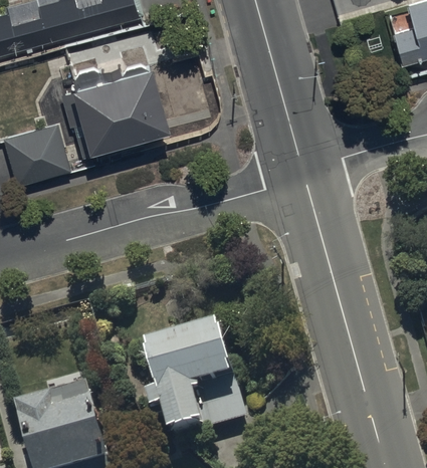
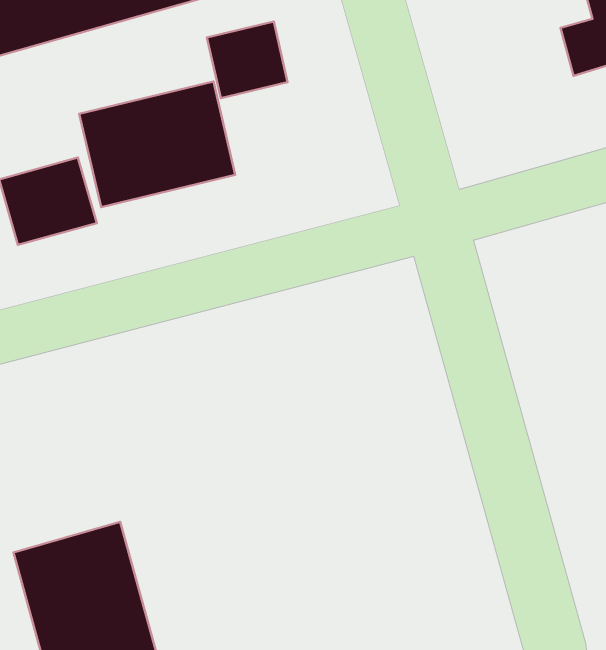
building: none -> [207,21,288,98]
building: [145,316,244,432] -> none

